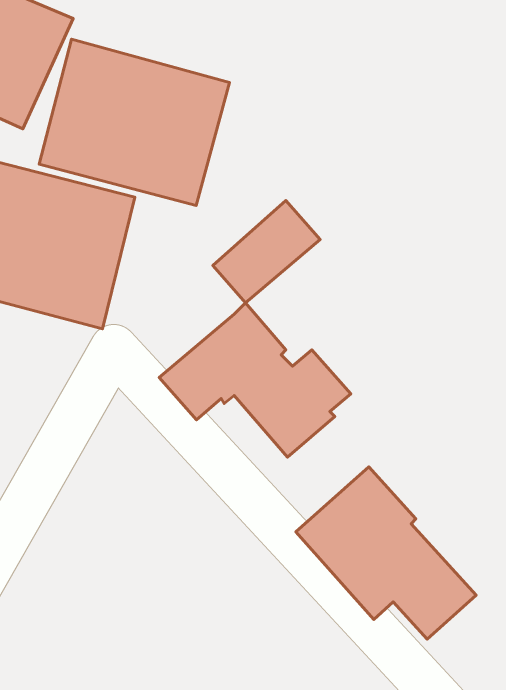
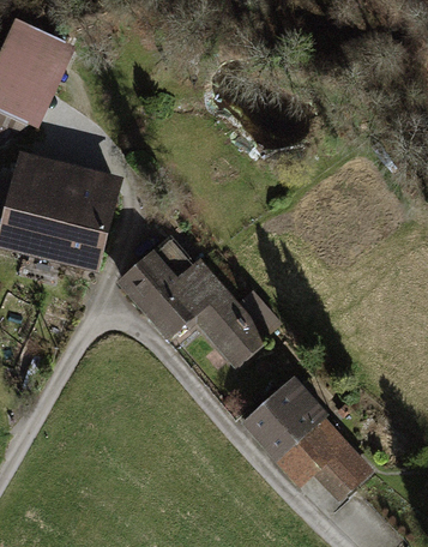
building: [39,39,229,205] -> none
building: [213,200,320,303] -> [115,234,194,309]

